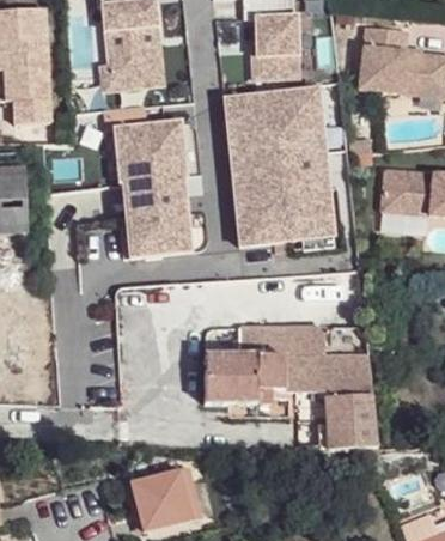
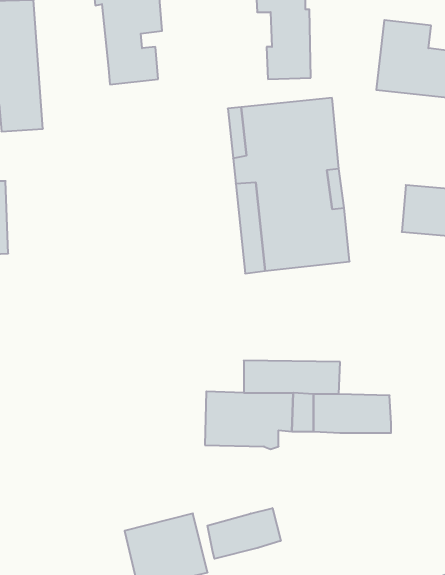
building: [109,32,171,92] -> none
building: [100,109,190,261] -> none
building: [324,391,377,449] -> none
building: none -> [207,508,281,559]

